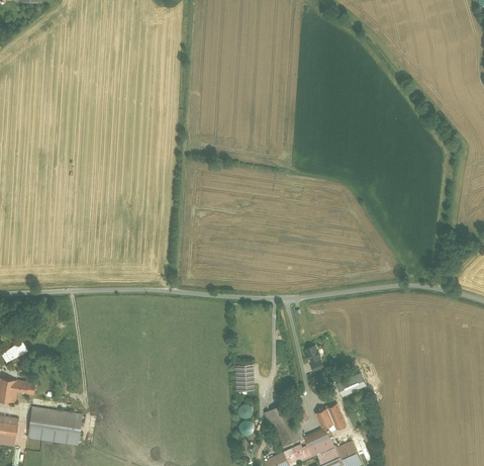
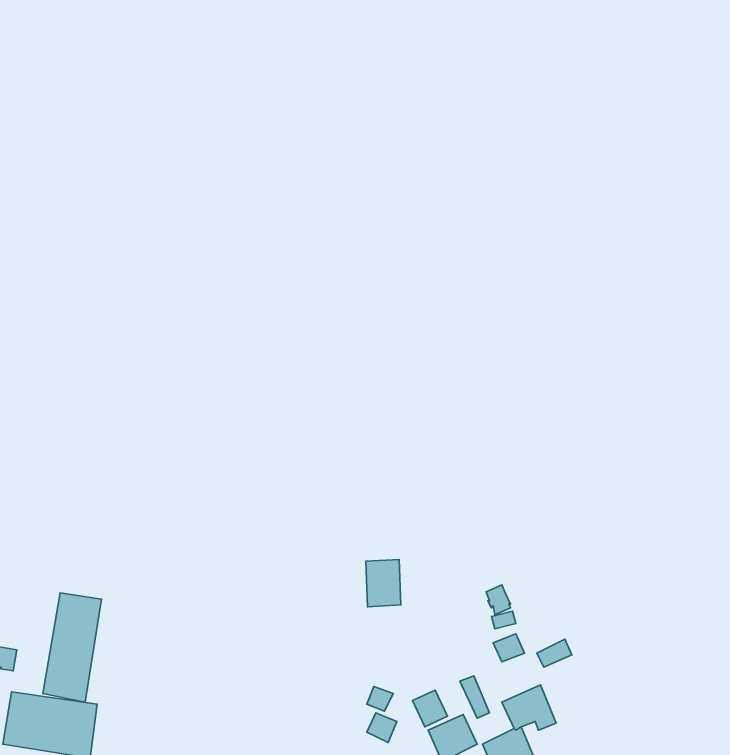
building: none -> [43,593,102,702]
building: [234,363,255,390] -> [366,559,401,607]

